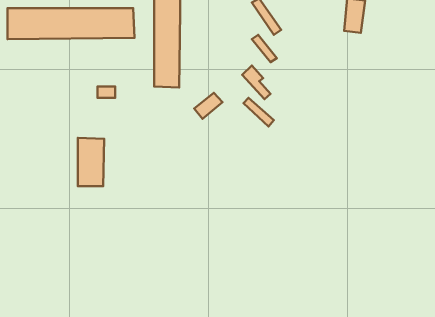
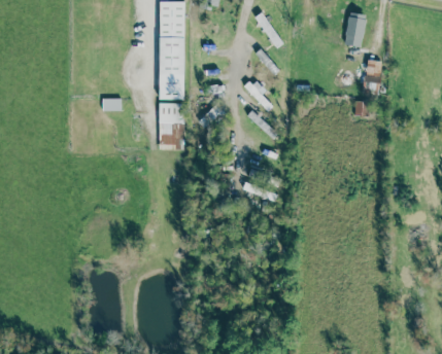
building: [8,8,134,39] -> none
building: none -> [364,60,380,94]
building: [78,138,104,186] -> [159,102,184,149]

